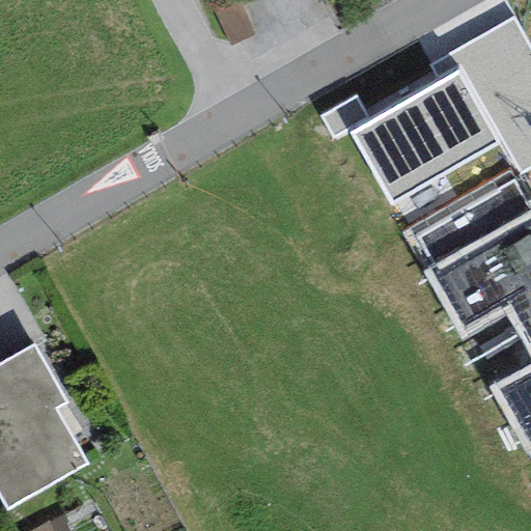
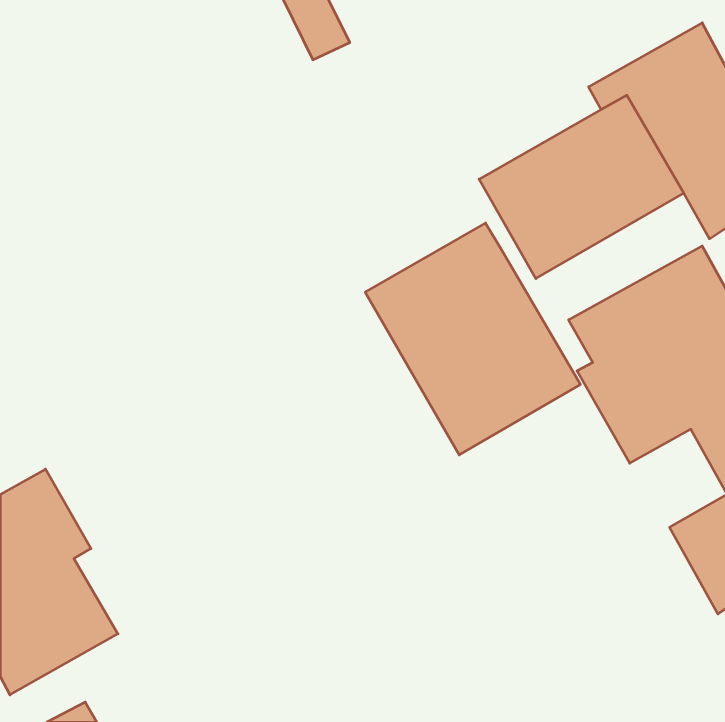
building: none -> [365,223,580,455]

